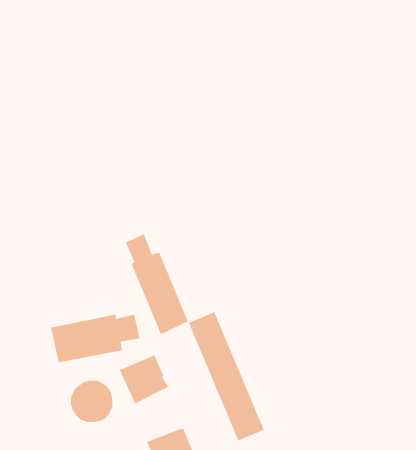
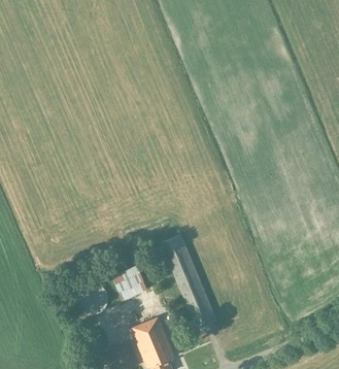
building: [125,233,189,335] -> none
building: [50,314,140,363] -> none

